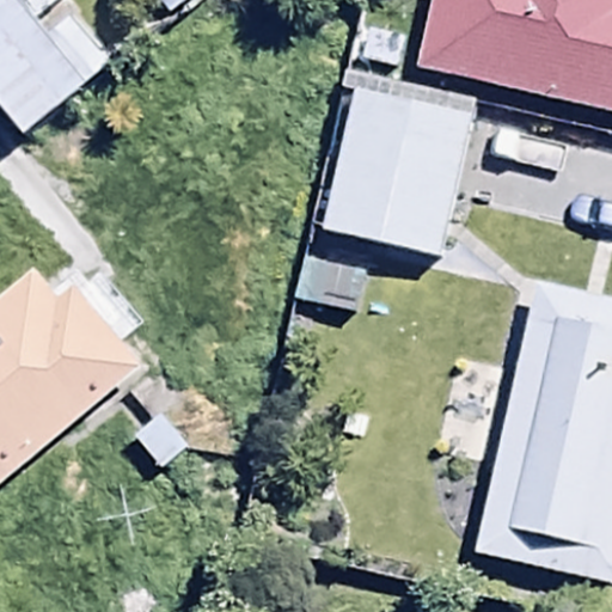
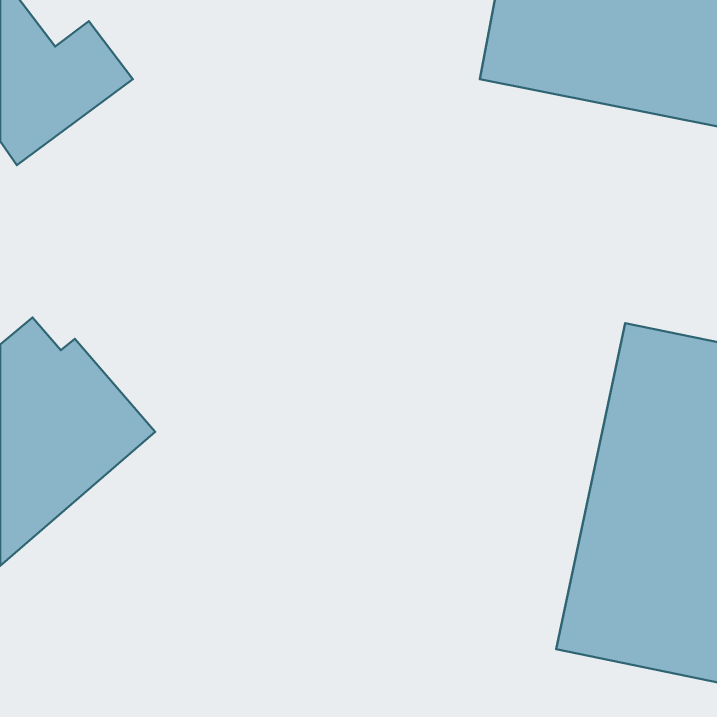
building: [322,76,476,257] -> none

